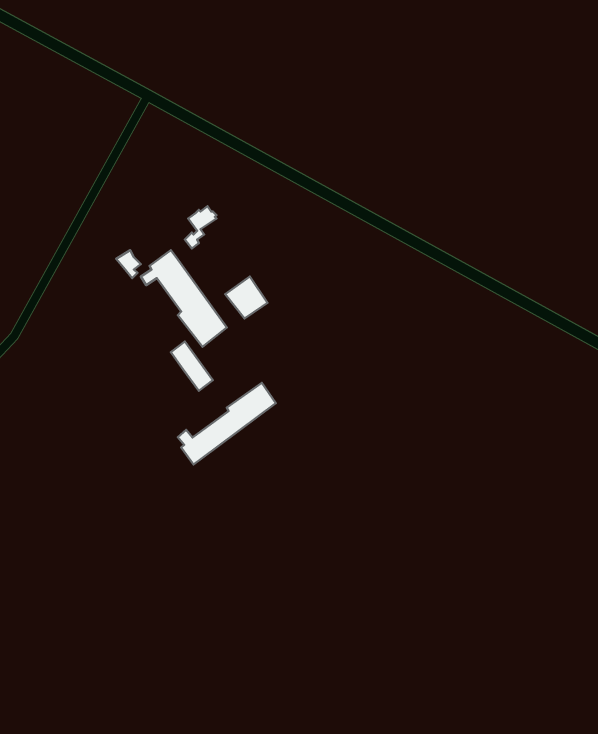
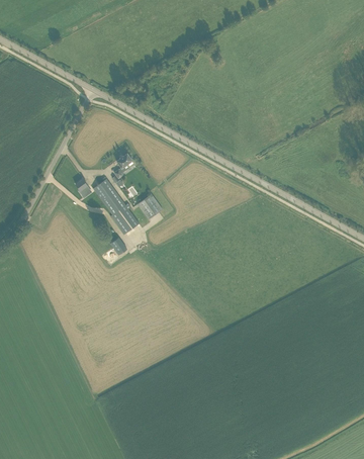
building: [178,383,276,464] -> none

